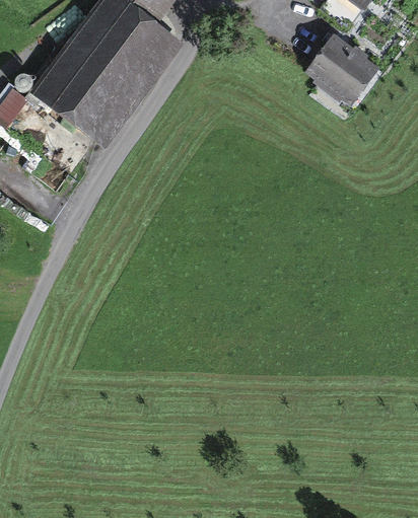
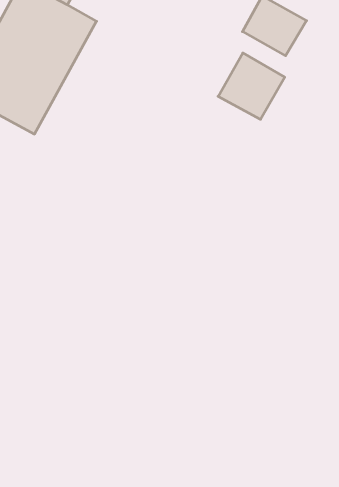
building: none -> [218,53,285,119]

